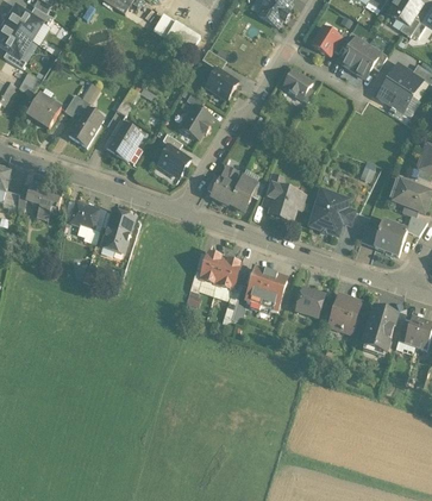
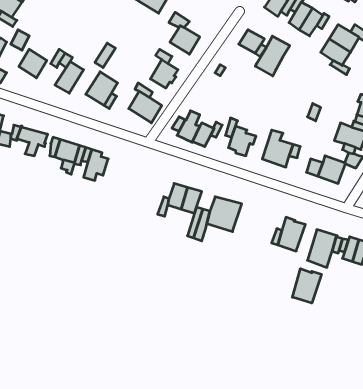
building: none -> [255,36,290,76]
building: [295,283,324,311] -> none
building: none -> [292,269,321,303]

